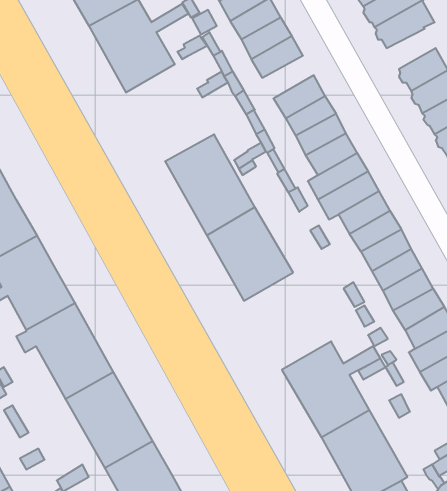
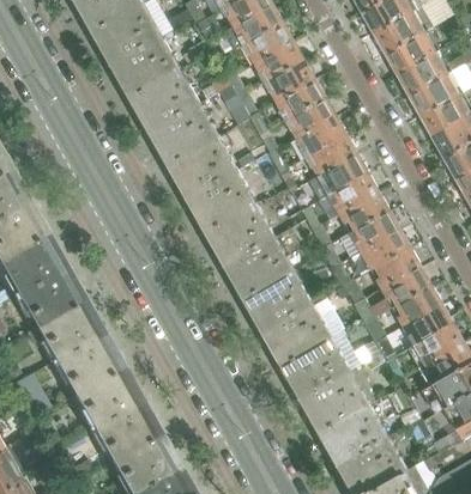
building: none -> [386,32,434,72]
building: none -> [265,59,315,100]
building: none -> [132,67,218,161]
building: none -> [247,269,332,364]

